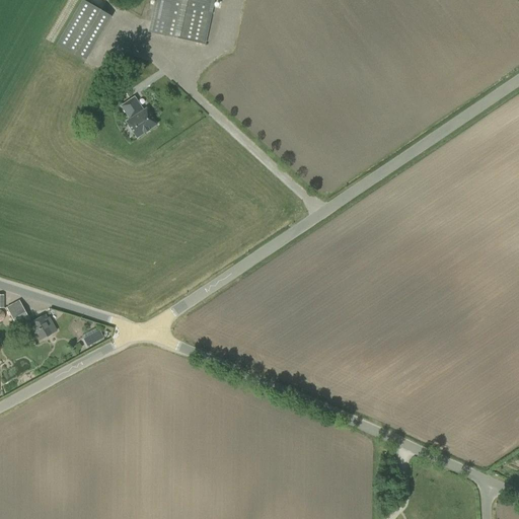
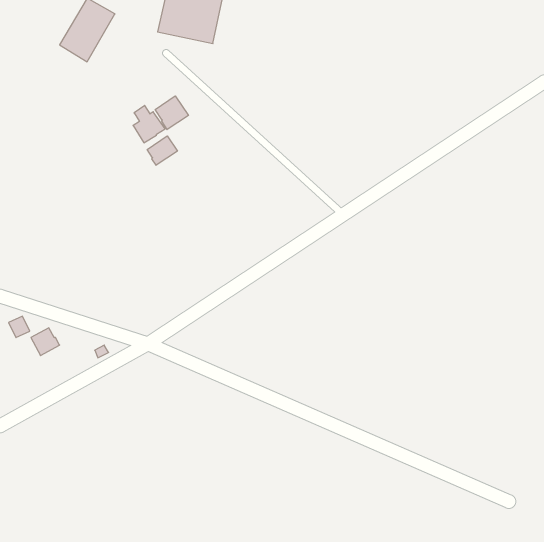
building: none -> [155,96,188,130]
building: none -> [147,136,177,165]

